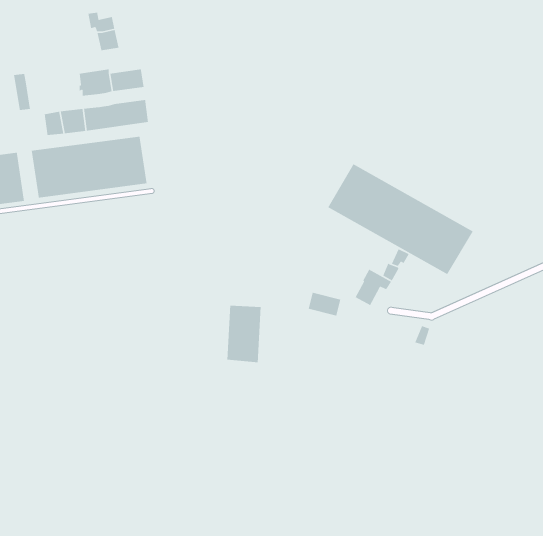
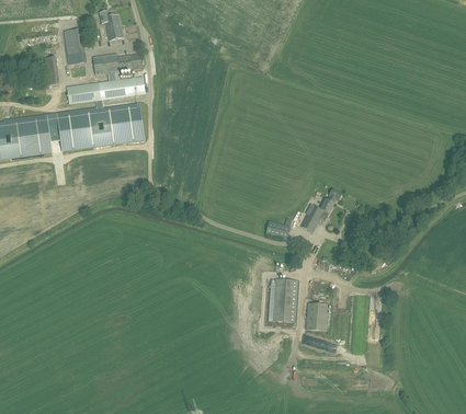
building: none -> [62,28,86,65]
building: [327,163,474,275] -> none
building: [226,305,261,363] -> [271,279,297,323]
building: none -> [305,303,328,331]

